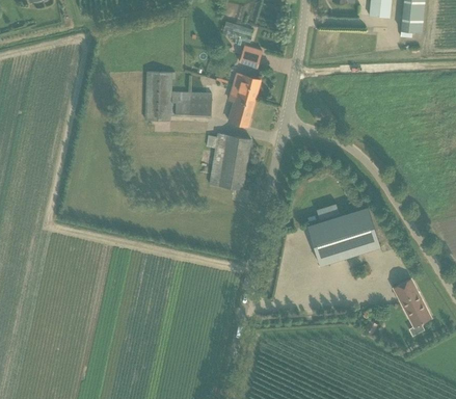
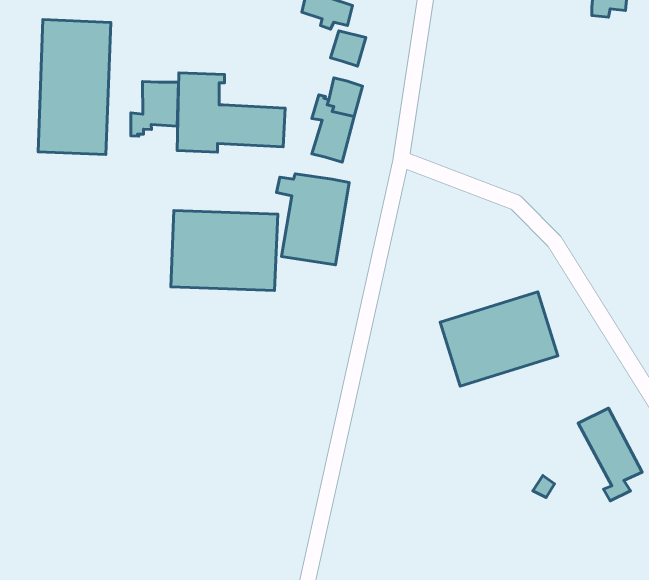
building: none -> [38,20,111,155]
building: none -> [131,81,179,136]
building: none -> [171,210,278,291]

